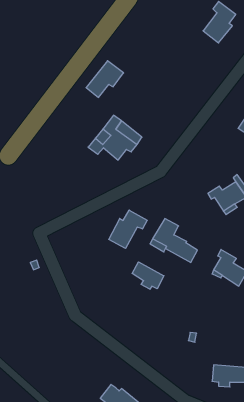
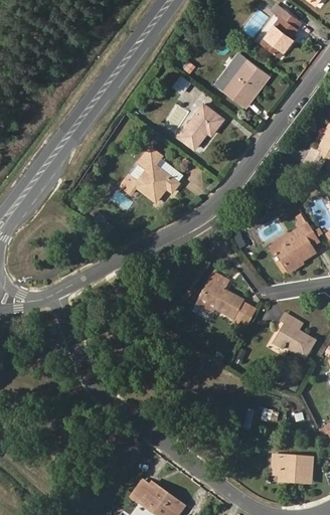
building: none -> [216,58,268,106]
building: [86,61,124,97] -> [178,104,224,149]
building: [109,210,147,248] -> none
building: [132,262,164,289] -> none

